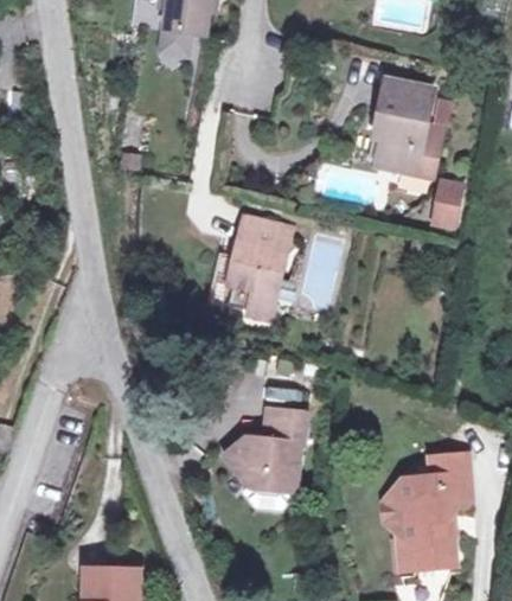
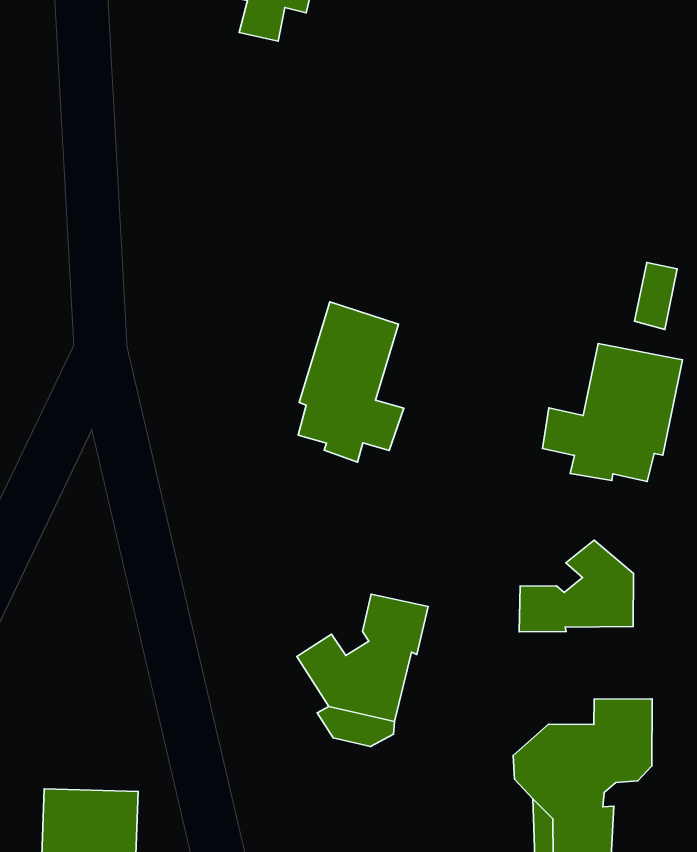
building: [363,78,442,173] -> none
building: none -> [542,344,683,482]
building: none -> [519,540,634,632]

